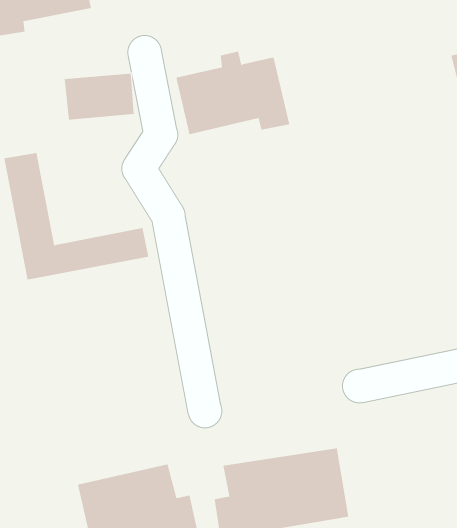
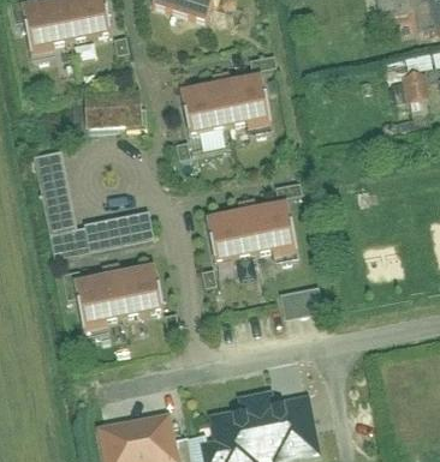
building: none -> [202,197,299,263]
building: none -> [71,262,161,336]
building: none -> [279,284,322,317]

